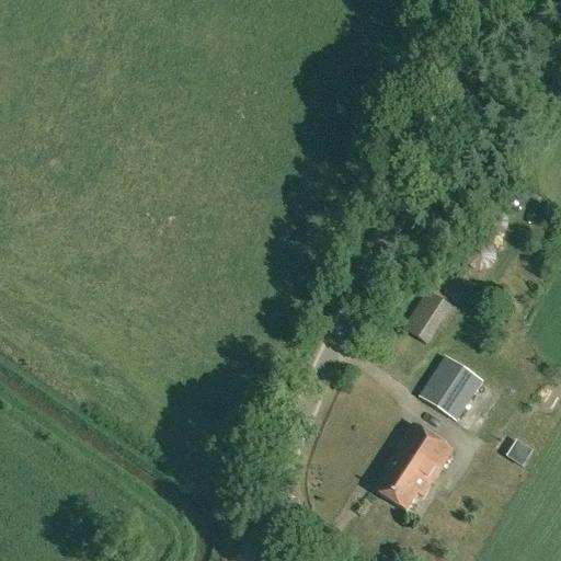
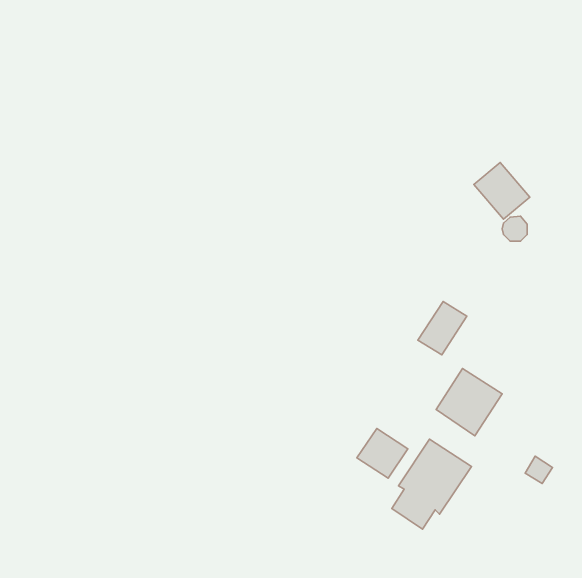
building: none -> [474,163,530,219]
building: none -> [357,428,408,478]

